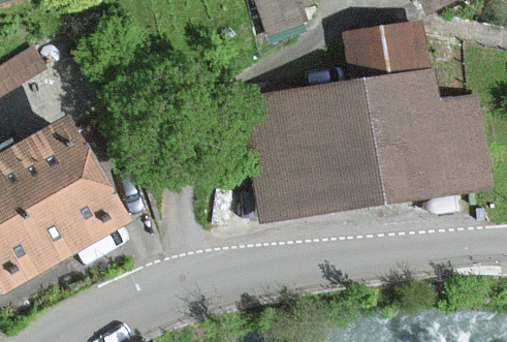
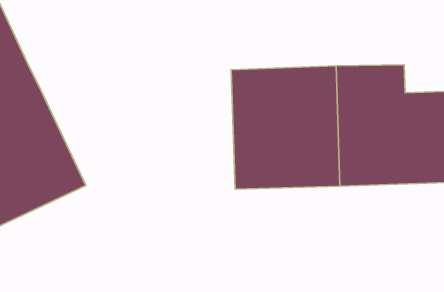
building: [355,27,427,85] -> none

